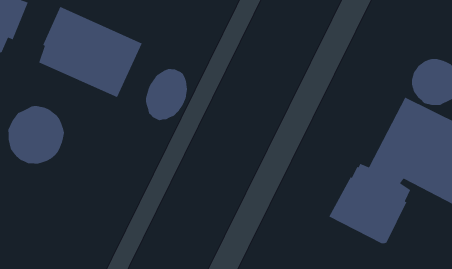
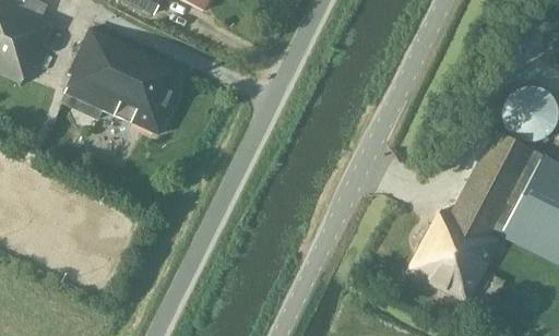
building: [145,68,188,121] -> none
building: [7,105,65,164] -> none

